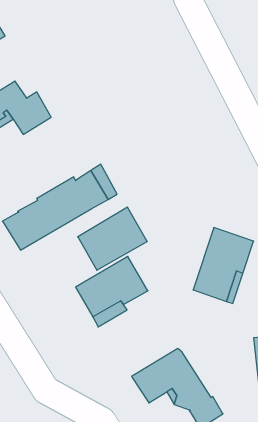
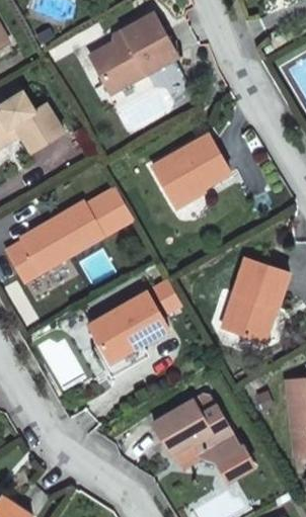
building: none -> [90,12,178,92]
building: [78,207,147,270] -> [153,134,231,204]

